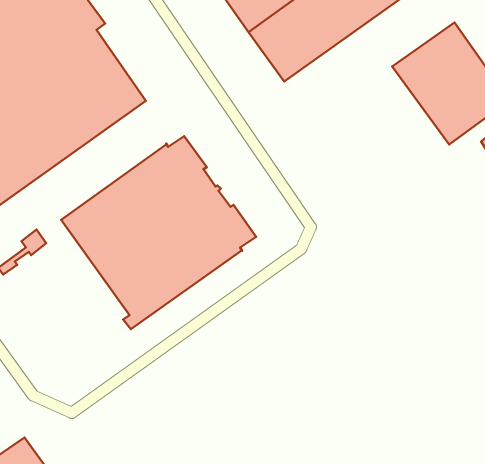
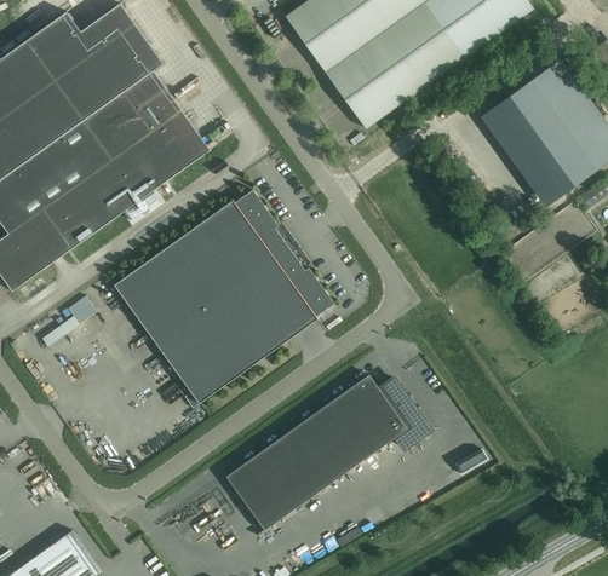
building: none -> [225,374,430,535]

